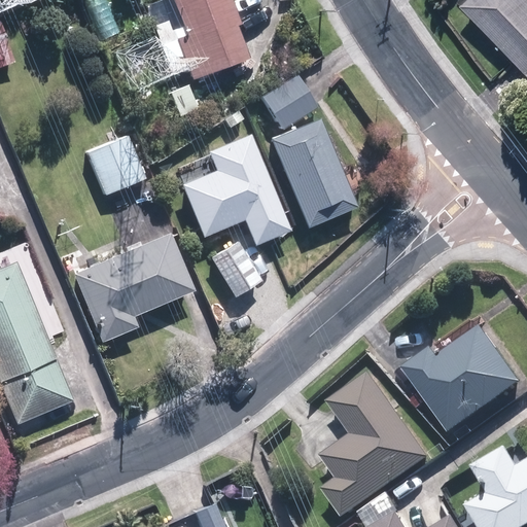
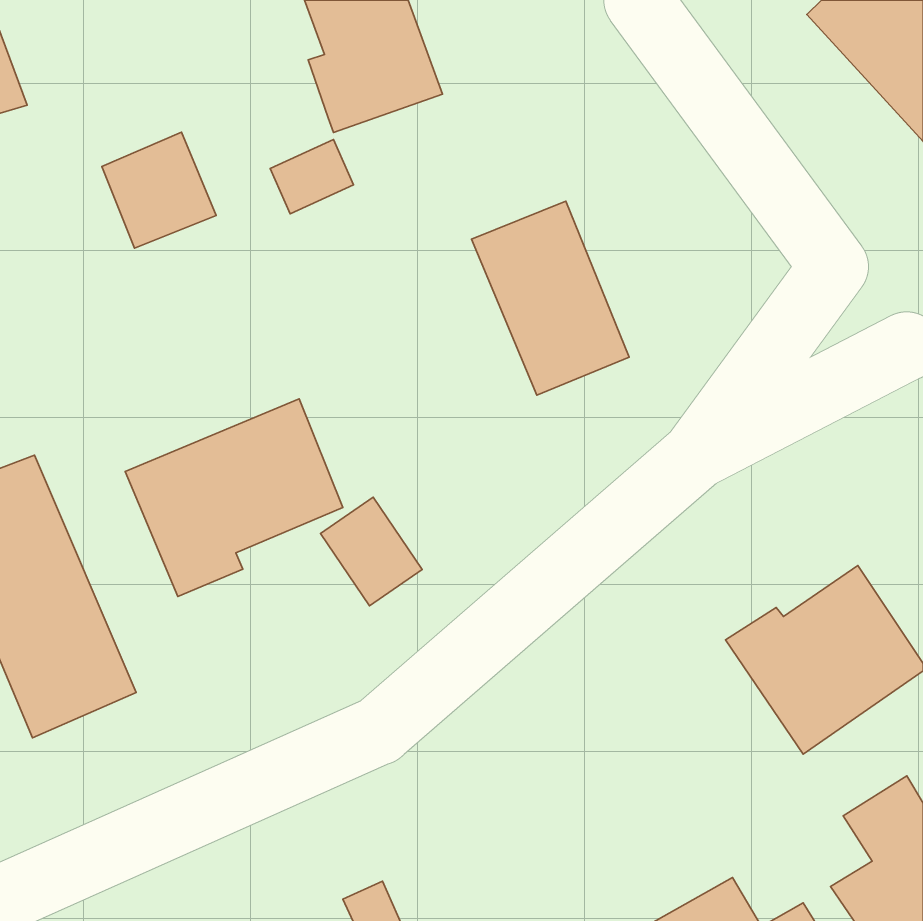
building: [258,74,318,132] -> none
building: [82,133,147,199] -> [102,132,216,248]
building: [175,133,291,246] -> none
building: [206,239,264,301] -> [320,497,422,606]
building: [325,370,437,521] -> none

